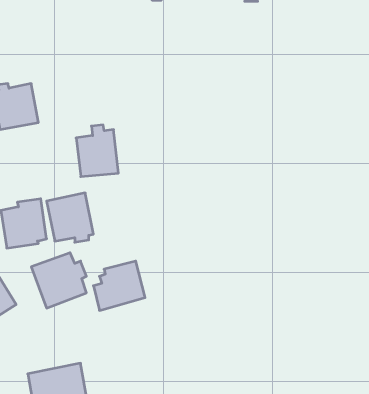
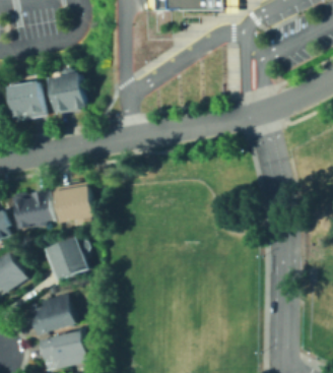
building: [76,125,118,177] -> [50,73,86,118]
building: [93,261,145,310] -> [31,291,76,333]

